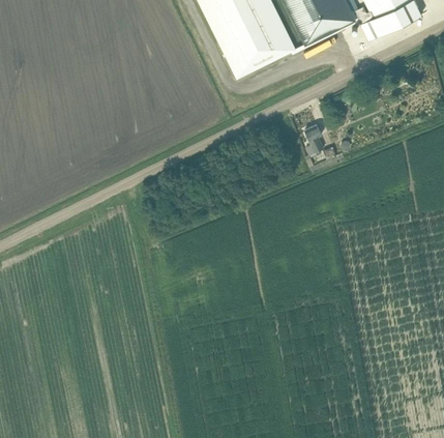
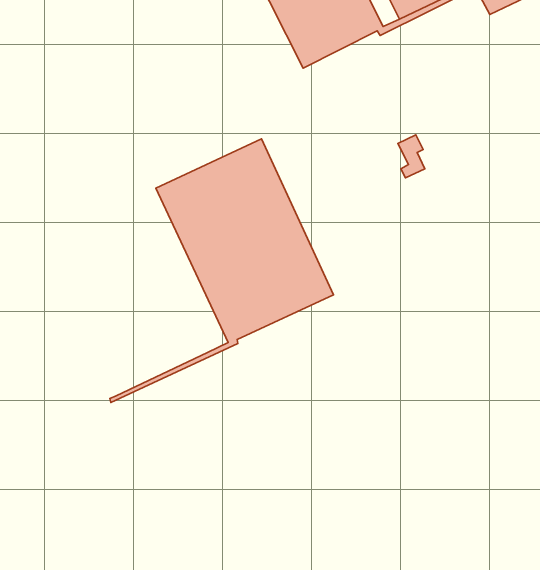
building: none -> [110,139,333,402]

